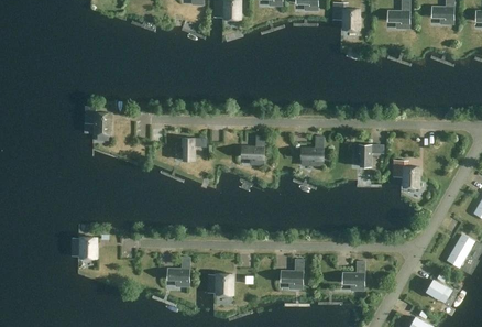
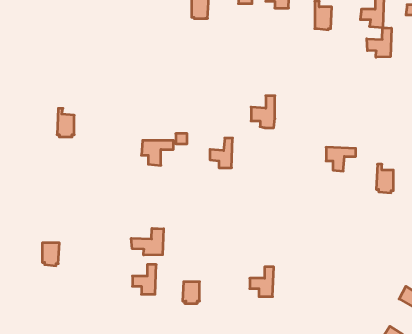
building: none -> [367,28,391,57]
building: [299,135,322,166] -> [251,96,275,128]
building: none -> [131,228,164,255]
building: [341,261,364,291] -> none

